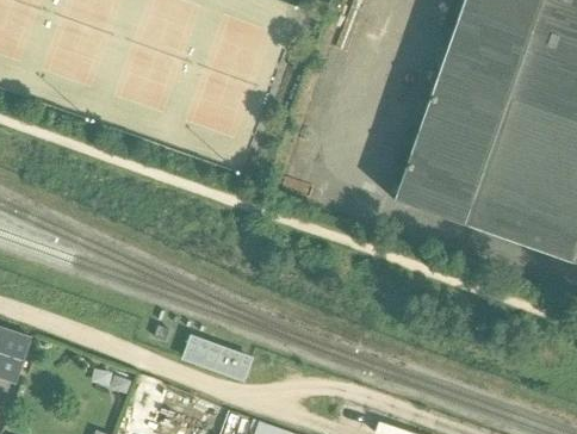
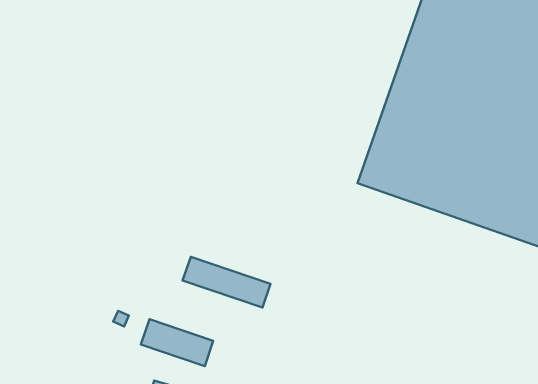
building: none -> [183,257,271,308]

